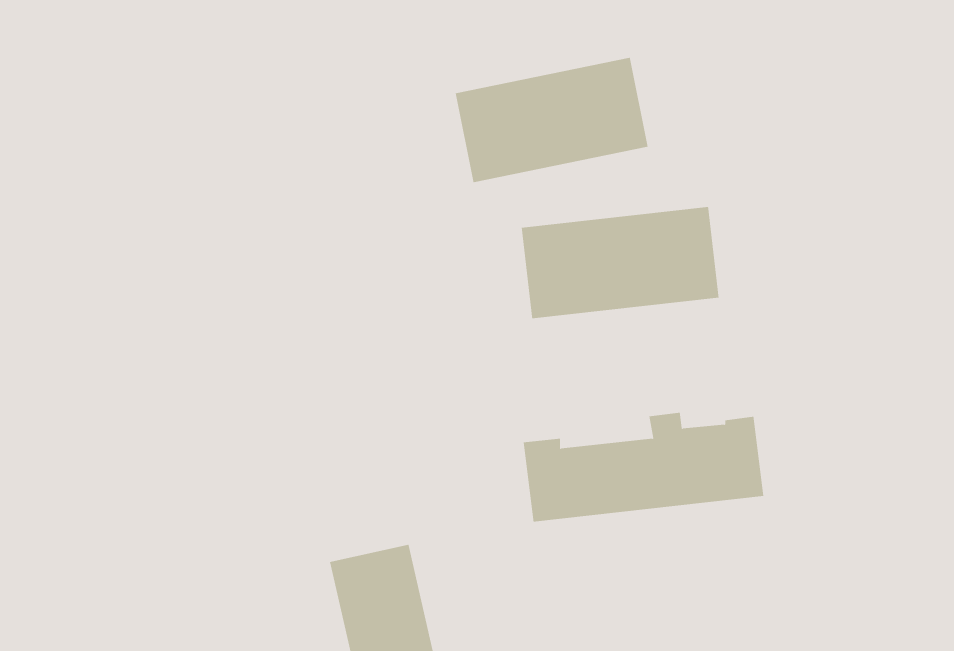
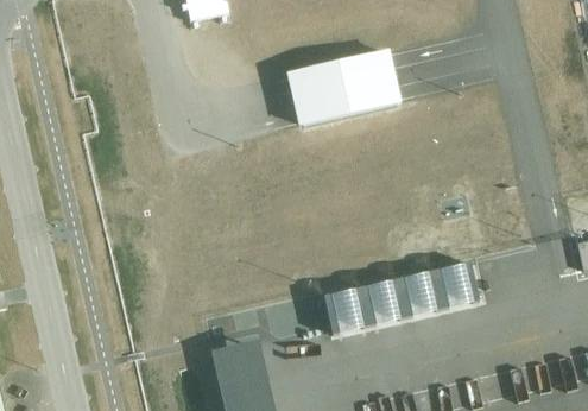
building: [521,206,719,319] -> none

